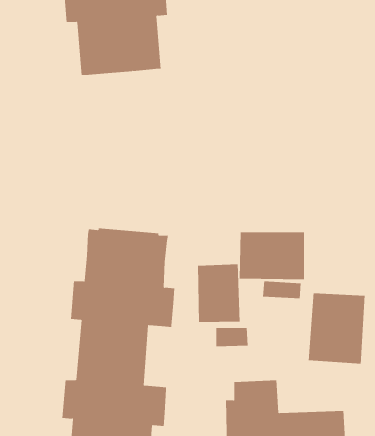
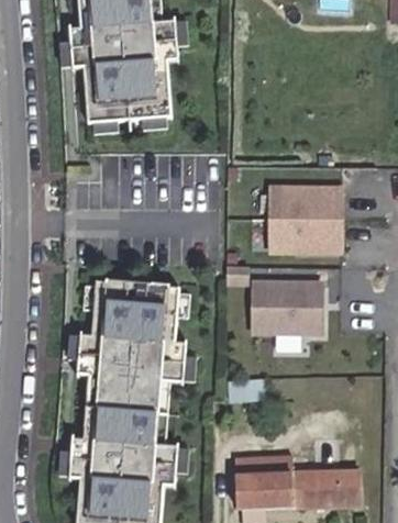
building: none -> [268,189,331,253]
building: [197,264,240,323] -> none
building: [308,293,365,364] -> none

